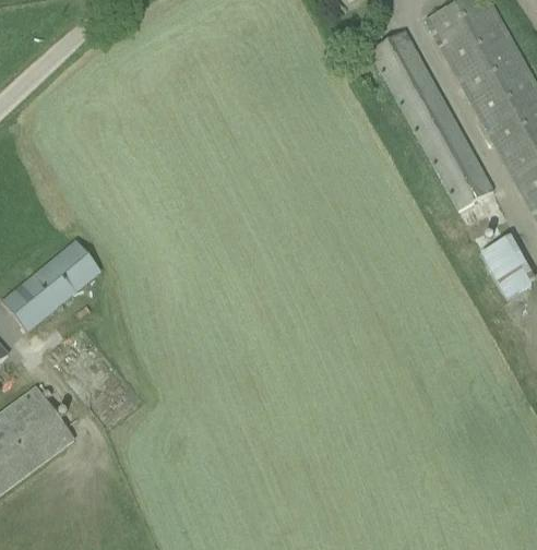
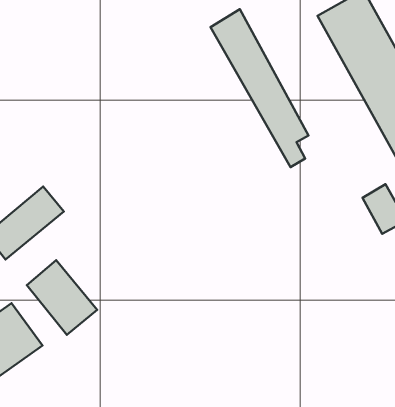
building: [369,31,493,231] -> [210,9,308,167]
building: none -> [27,260,97,335]

